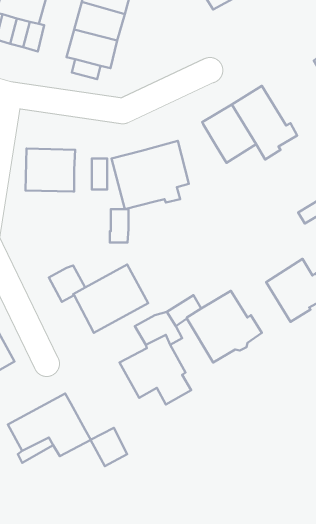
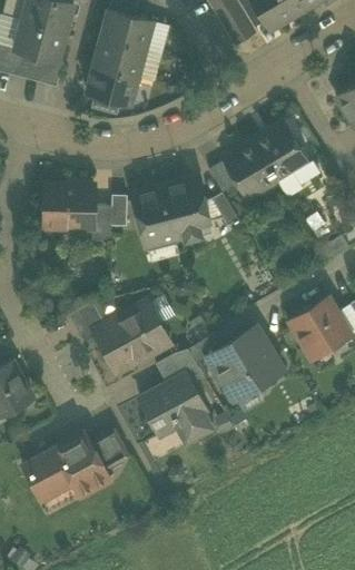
building: none -> [209,161,238,218]
building: [110,209,129,242] -> [93,207,112,240]
building: [91,428,127,466] -> [91,431,128,470]

